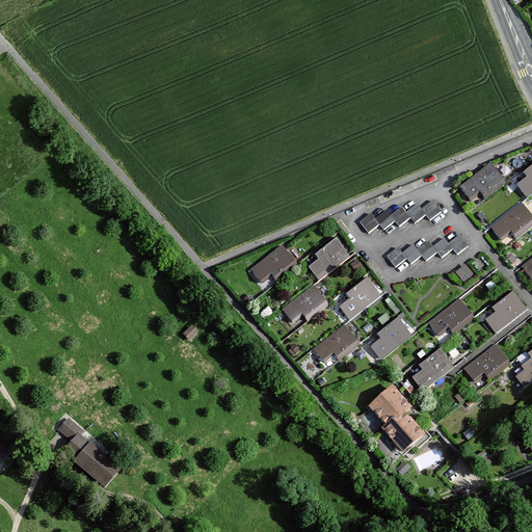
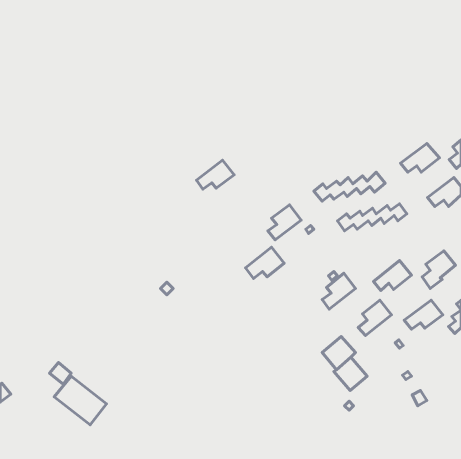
building: [254,247,297,281] -> [196,160,234,189]
building: [340,275,378,316] -> none
building: [315,325,360,360] -> none

